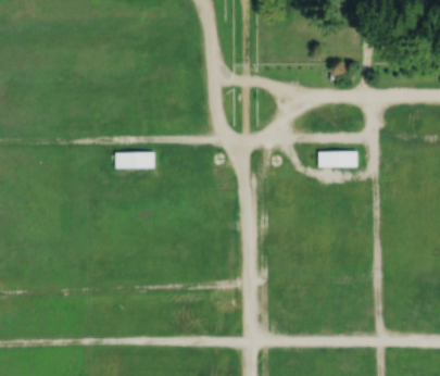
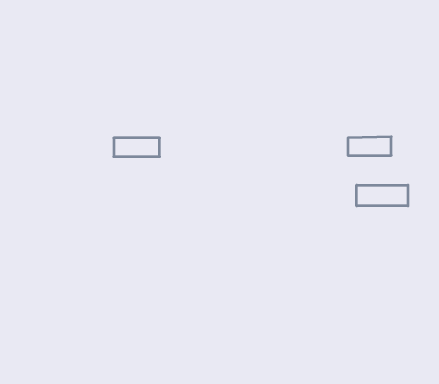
building: none -> [357,185,408,206]

